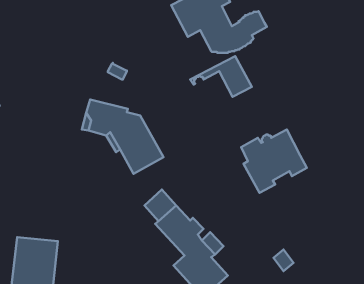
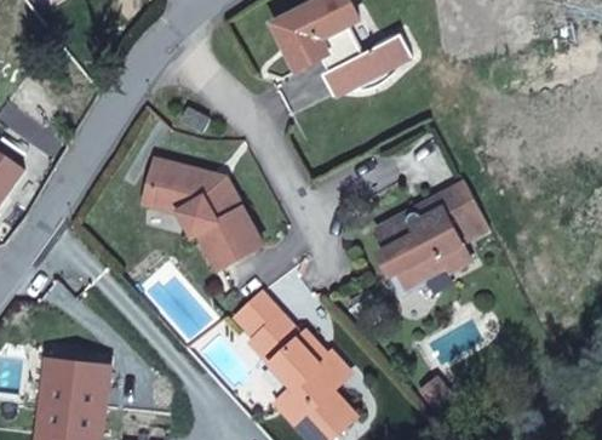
building: [190,56,252,97] -> [399,182,488,241]

